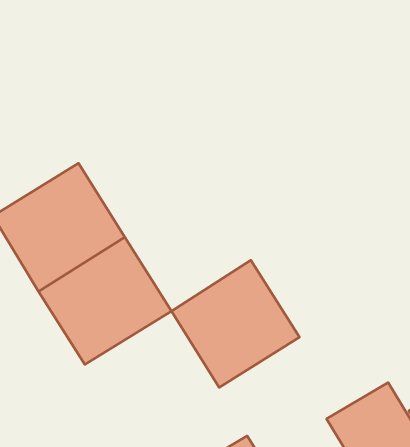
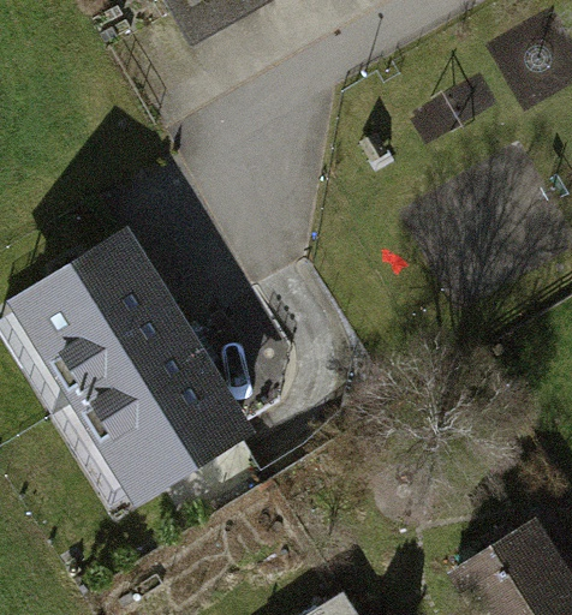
building: [171,260,300,388] -> none

